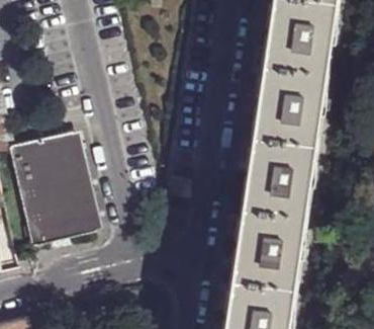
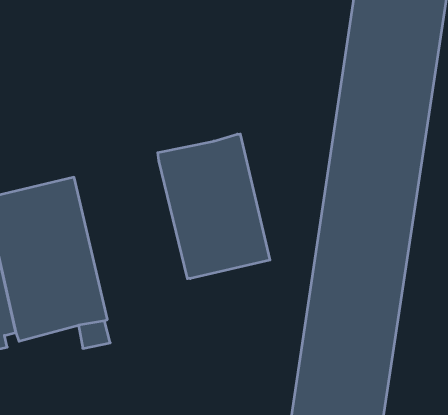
building: none -> [158,134,270,279]

